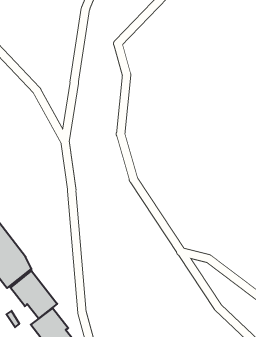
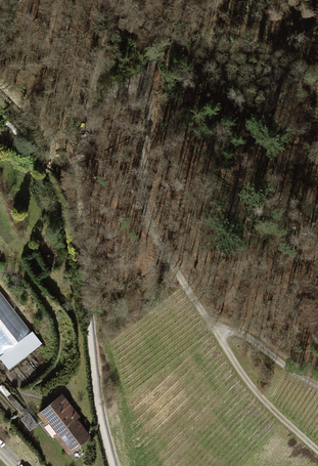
building: [10,271,57,319] -> none

